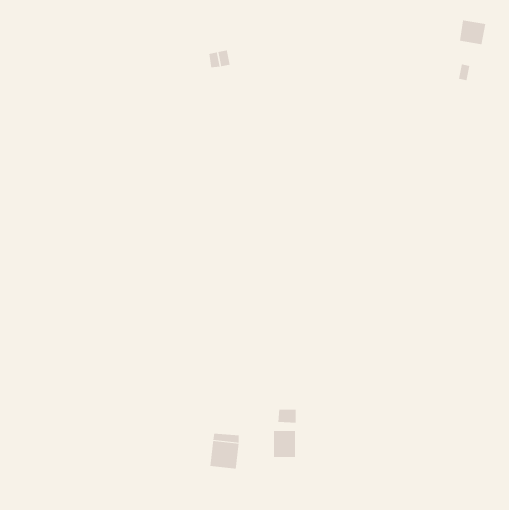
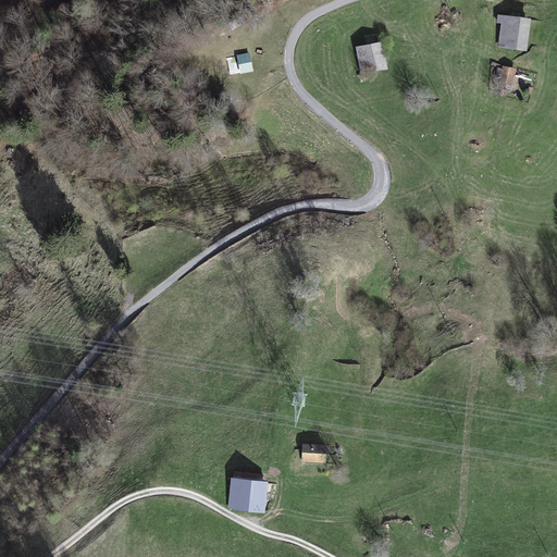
building: none -> [356,44,384,73]
building: [273,430,296,458] -> none

